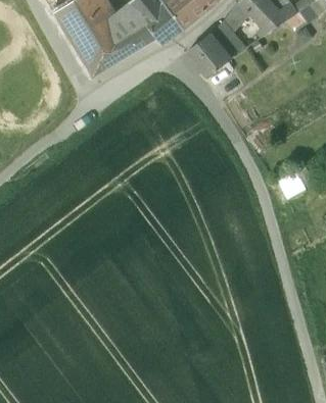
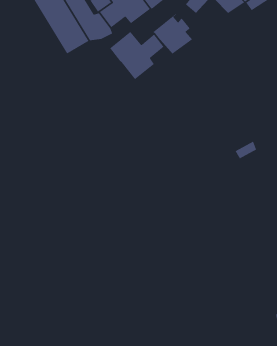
building: none -> [109,31,165,80]

